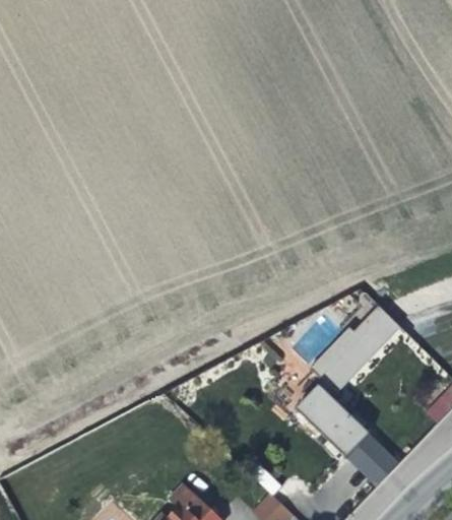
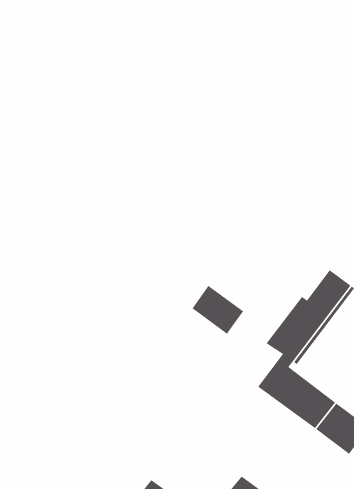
building: none -> [192,285,244,335]

